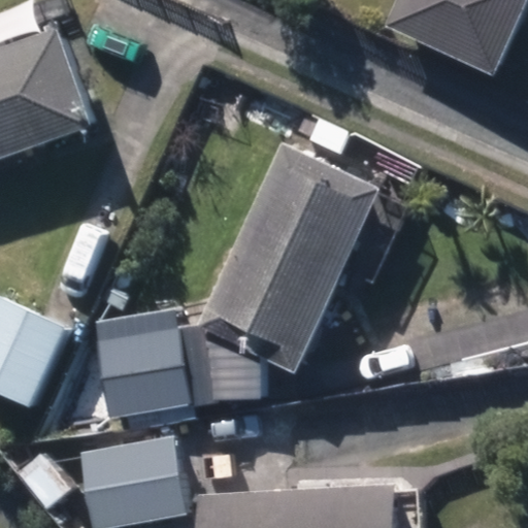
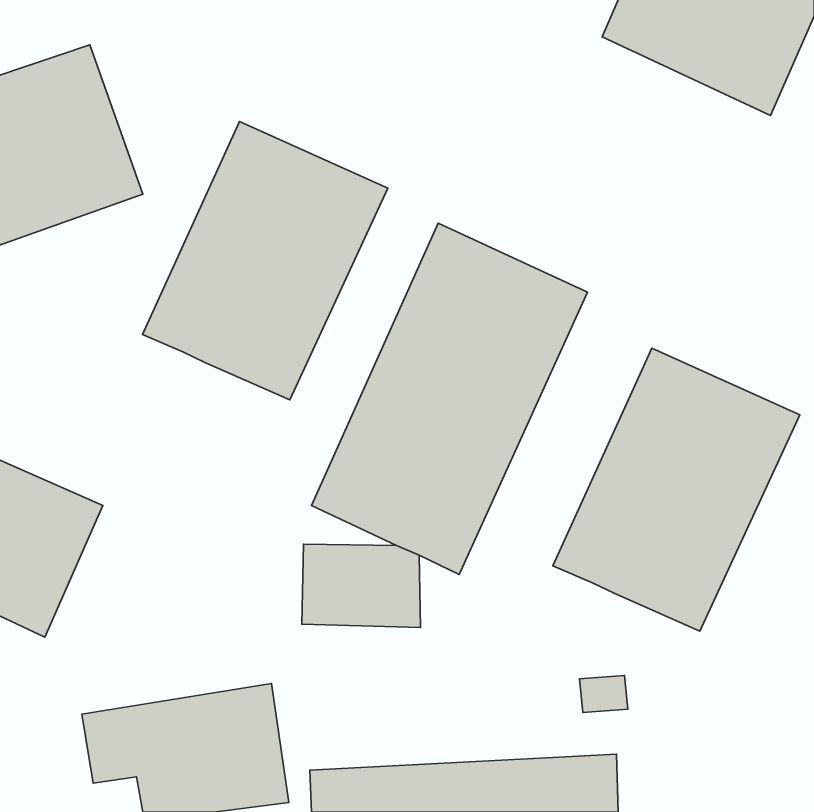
building: none -> [143,122,388,400]
building: none -> [553,348,800,631]
building: [95,328,190,419] -> none

